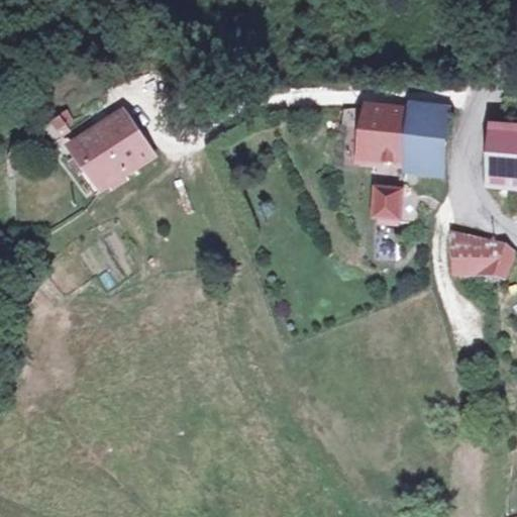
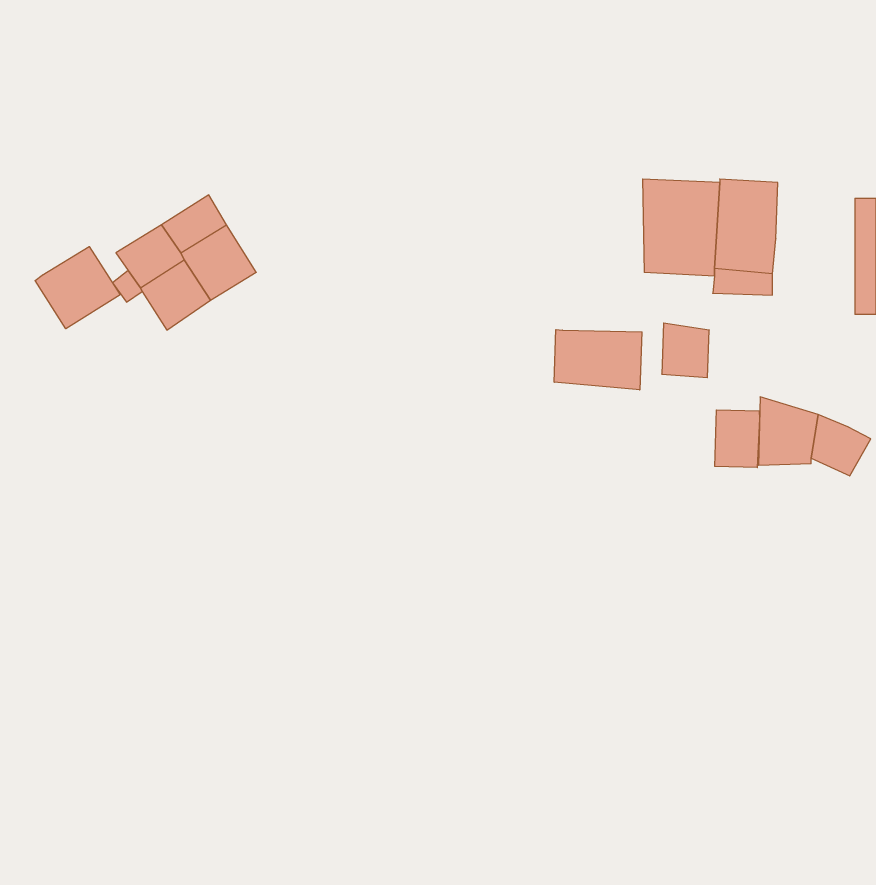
building: none -> [35,247,120,329]
building: none -> [554,330,642,390]
building: none -> [715,410,760,468]

